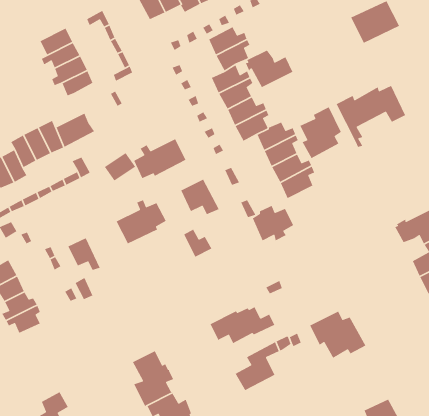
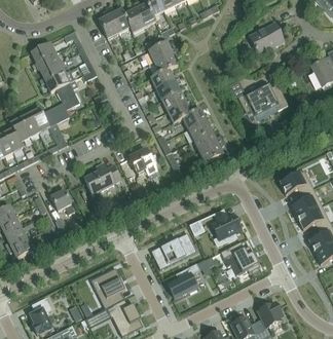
building: [245,50,294,88] -> none
building: none -> [56,78,80,109]
building: [299,106,342,159] -> none
building: [133,138,187,179] -> none
building: [252,205,294,241] -> [212,214,242,239]

